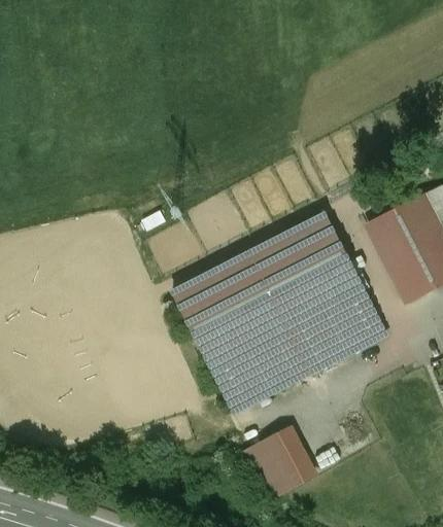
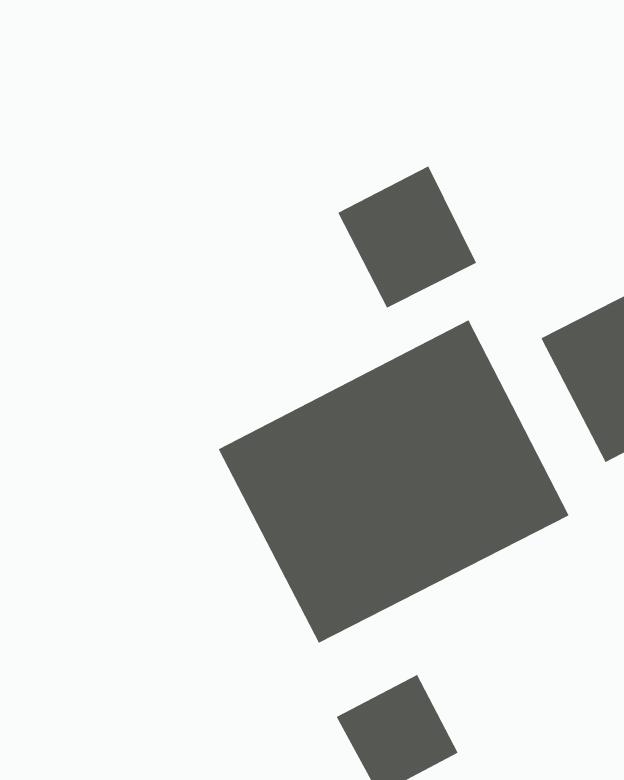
building: none -> [337,166,477,308]

